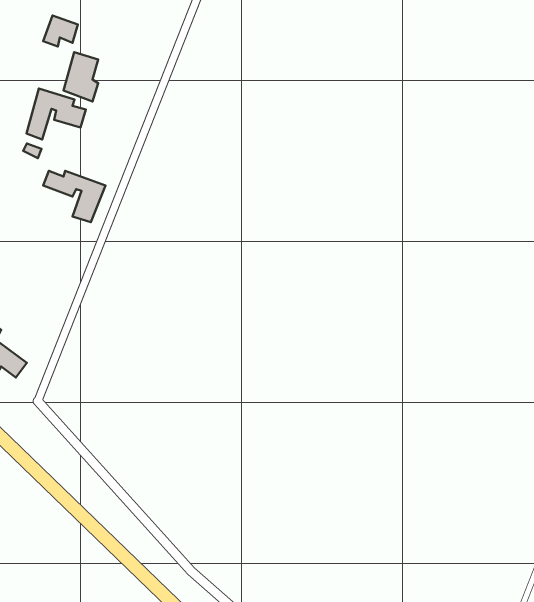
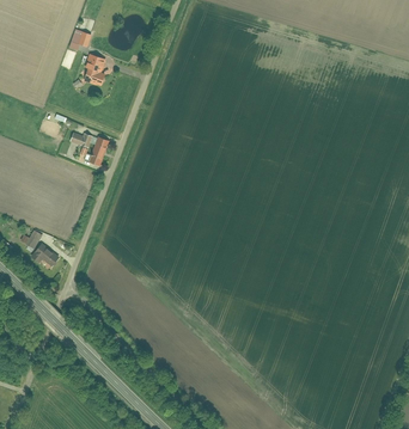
building: [26,89,86,140] -> none

